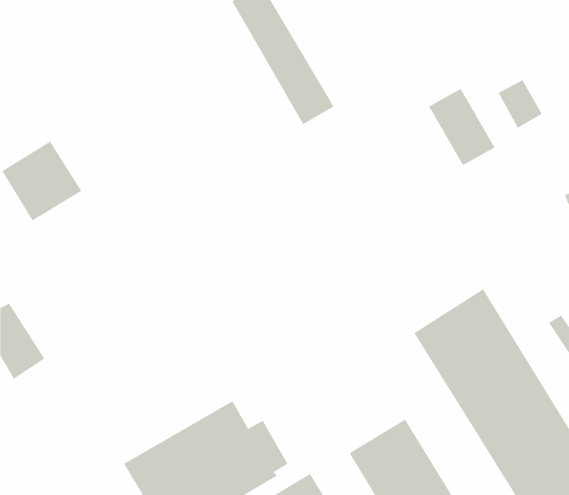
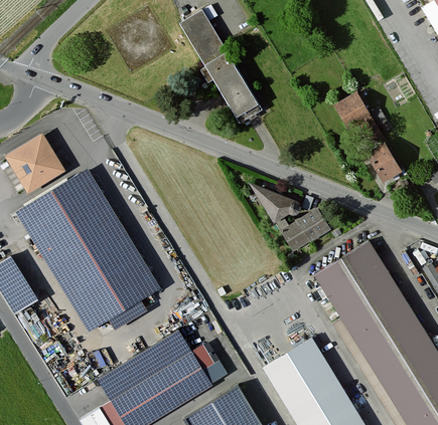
building: [498,80,543,128] -> [364,144,399,181]
building: none -> [15,167,159,330]
building: none -> [257,190,327,248]

